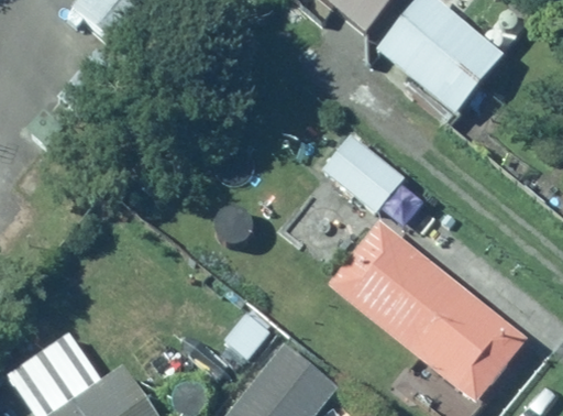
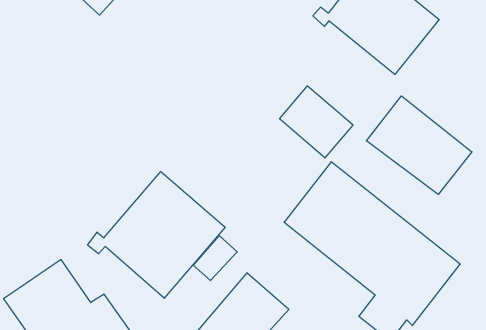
building: none -> [366,96,472,194]
building: none -> [88,172,225,298]

